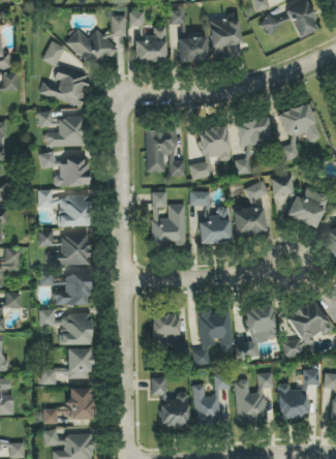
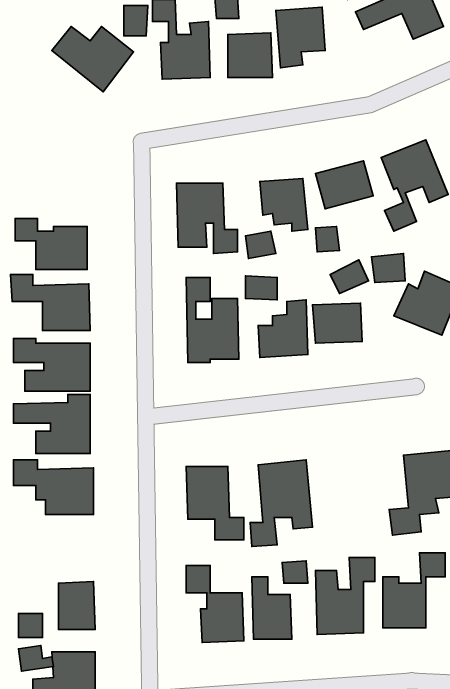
building: [39,41,91,105] -> none
building: [38,111,86,146] -> none
building: [236,305,276,359] -> none
building: [41,348,92,385] -> none

